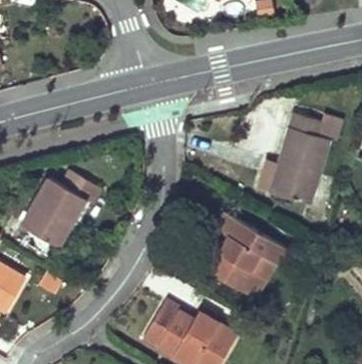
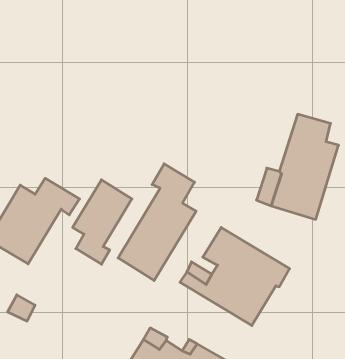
building: none -> [118,164,196,281]
building: none -> [73,180,132,264]

